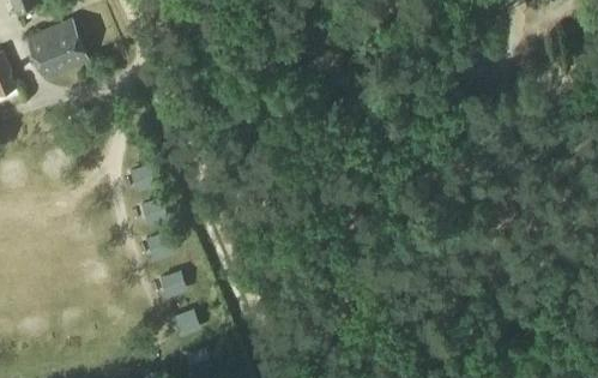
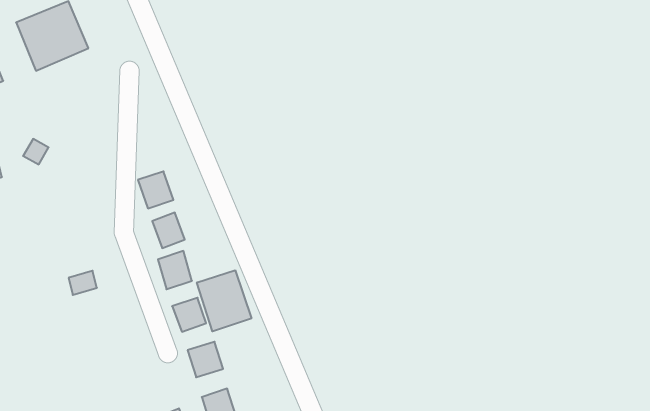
building: none -> [197,270,251,331]

